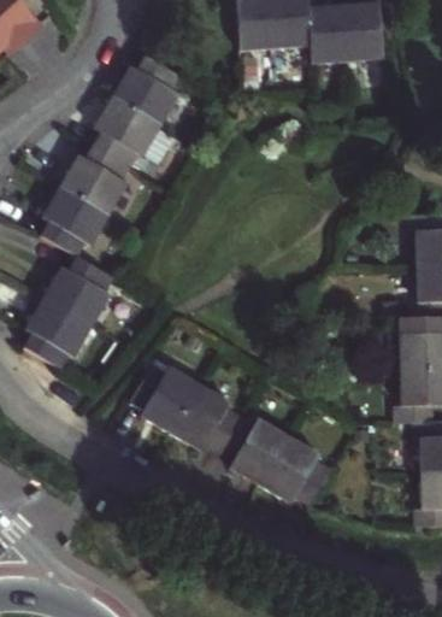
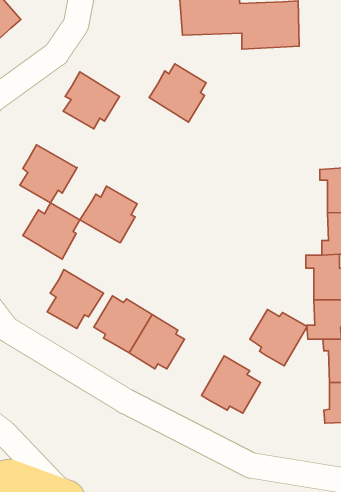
building: [116,51,185,122] -> [149,64,206,122]
building: [63,140,132,208] -> [80,186,137,242]
building: [25,292,94,364] -> [47,269,103,329]
building: [222,418,291,487] -> [250,310,307,366]

